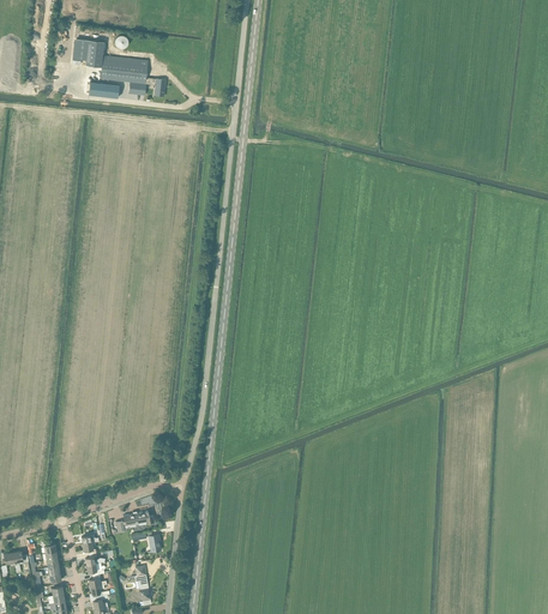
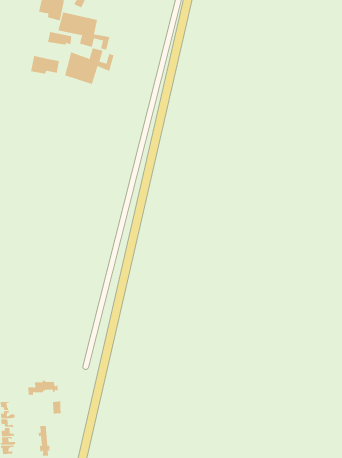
building: none -> [64,47,114,85]
building: none -> [31,55,59,74]

